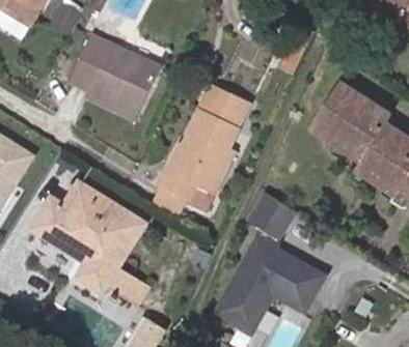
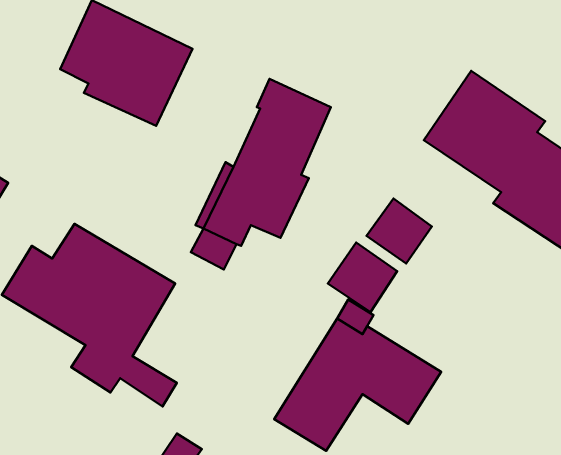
building: none -> [367,199,432,264]

